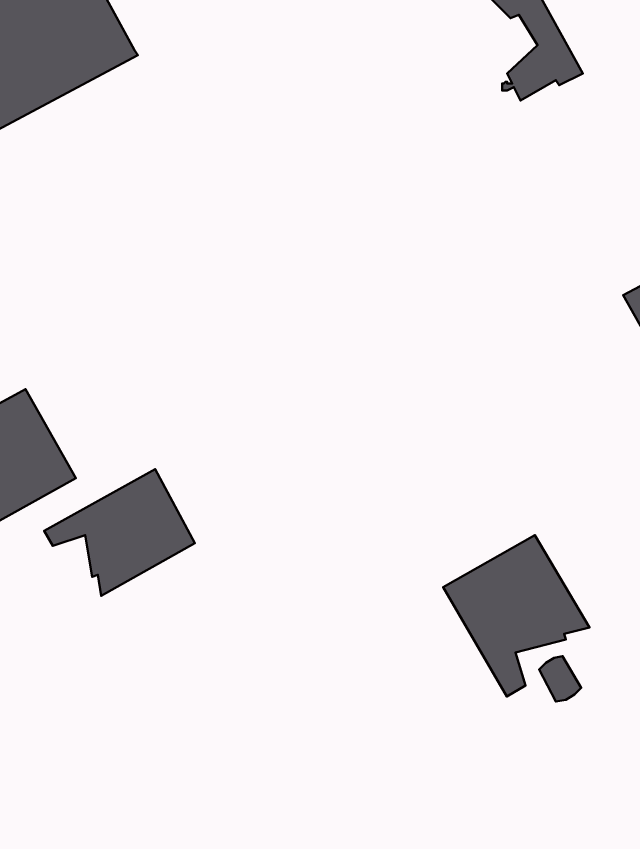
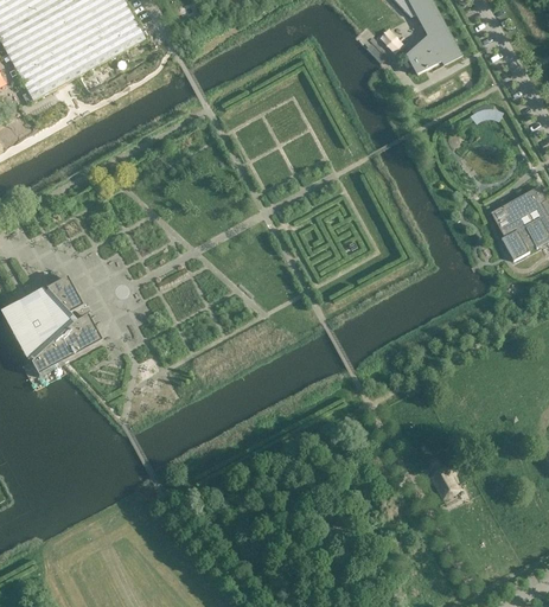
building: [44,469,195,596] -> none
building: [443,535,589,697] -> none

